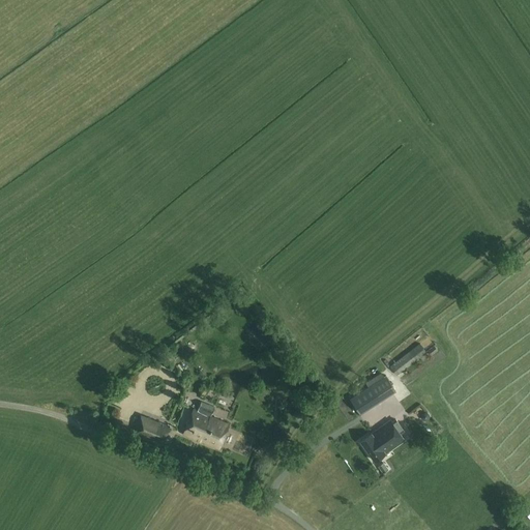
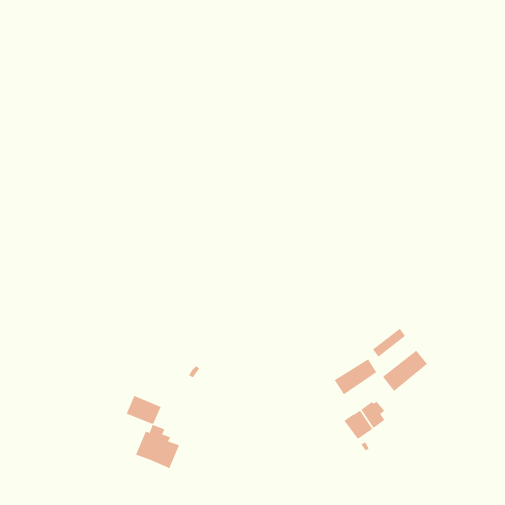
building: none -> [382,350,428,392]
building: [182,401,229,447] -> [135,424,180,469]

